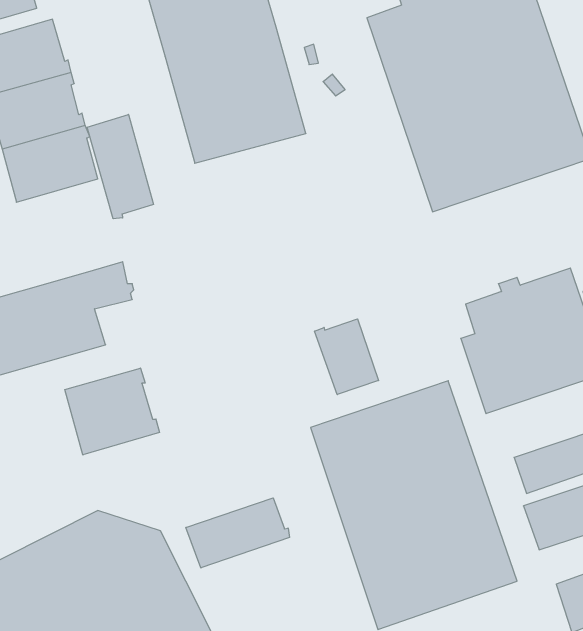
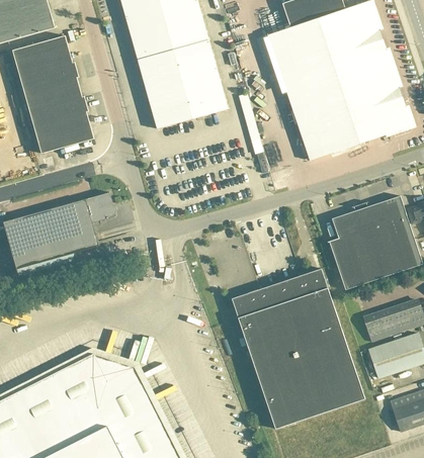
building: [87,114,154,219] -> none
building: [315,319,379,395] -> none
building: [65,368,160,455] -> none
building: [186,498,290,568] -> none

